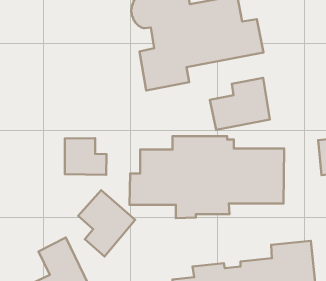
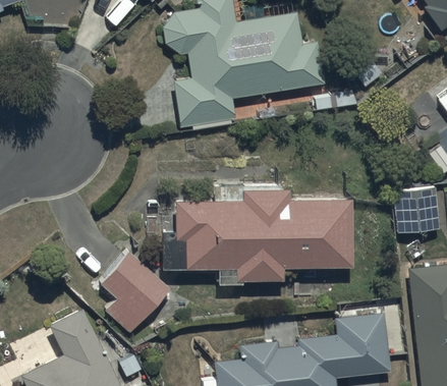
building: [210,78,270,130] -> none
building: [65,138,106,175] -> none

